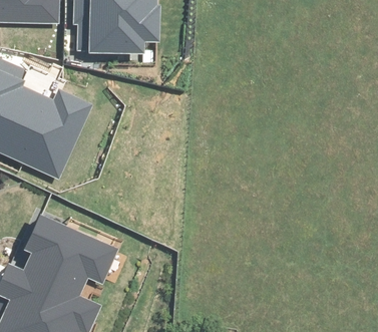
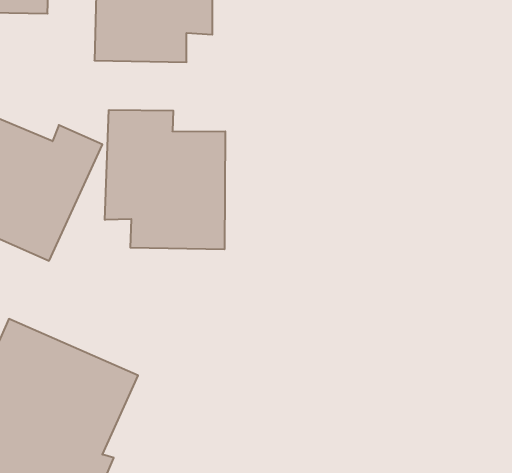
building: none -> [105,110,225,249]

